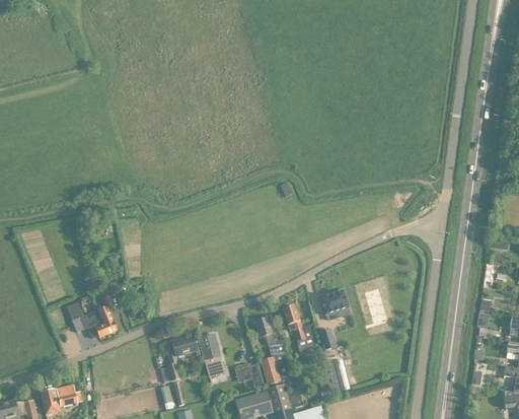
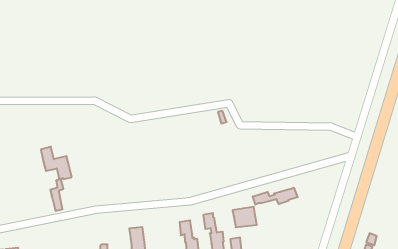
building: none -> [253,188,298,205]
building: [67,301,108,338] -> [41,147,72,179]
building: [171,336,203,355] -> none

